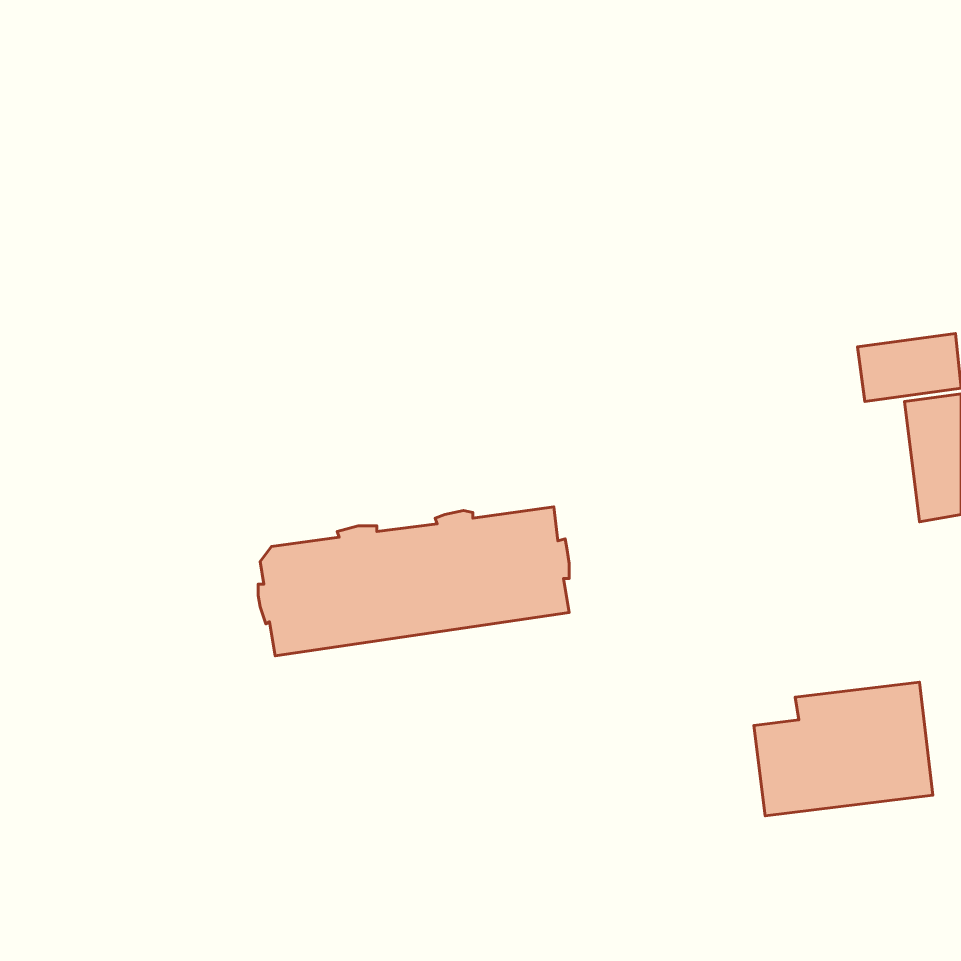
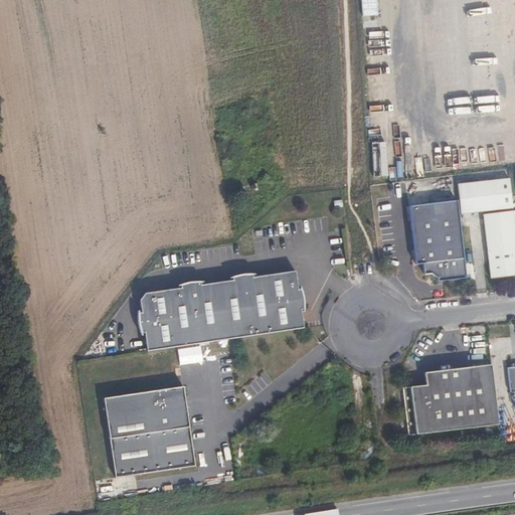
building: none -> [409,200,467,282]
building: none -> [103,383,194,475]

